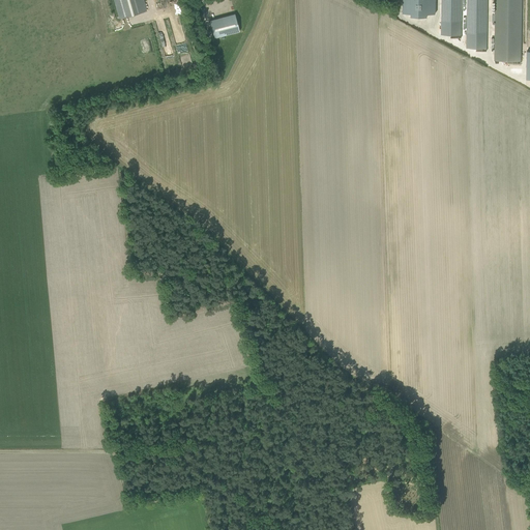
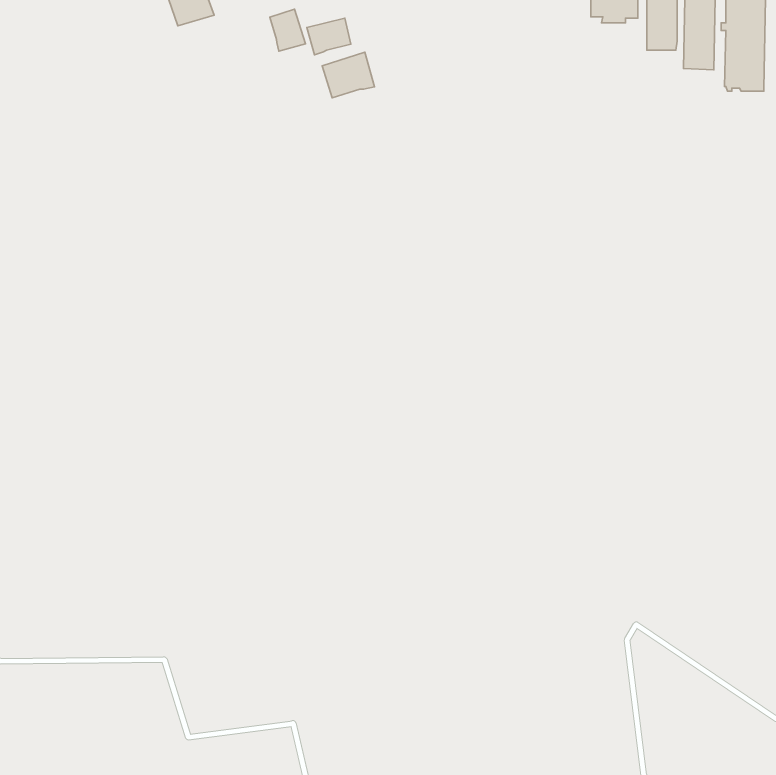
building: none -> [270,9,306,51]
building: none -> [322,52,374,98]

